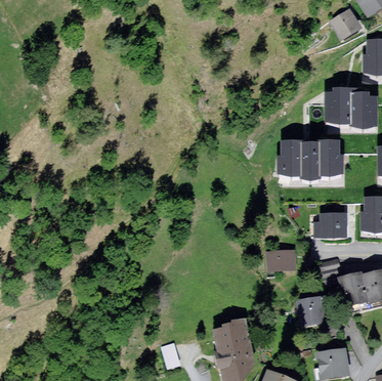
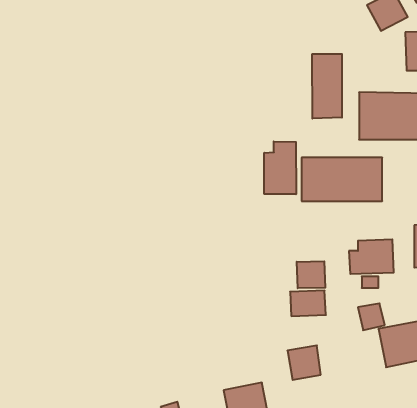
building: none -> [312,54,342,119]
building: none -> [264,141,296,194]
building: none -> [297,261,325,288]
building: [297,297,324,325] -> [287,345,321,380]

